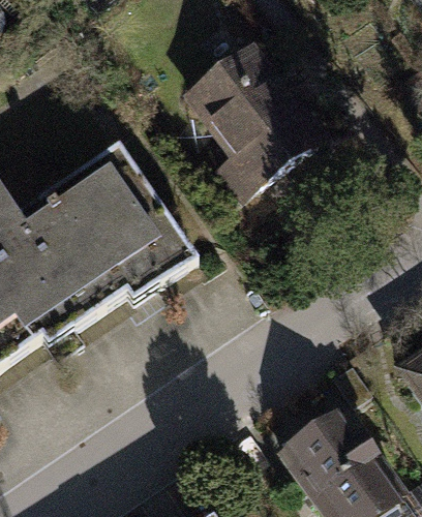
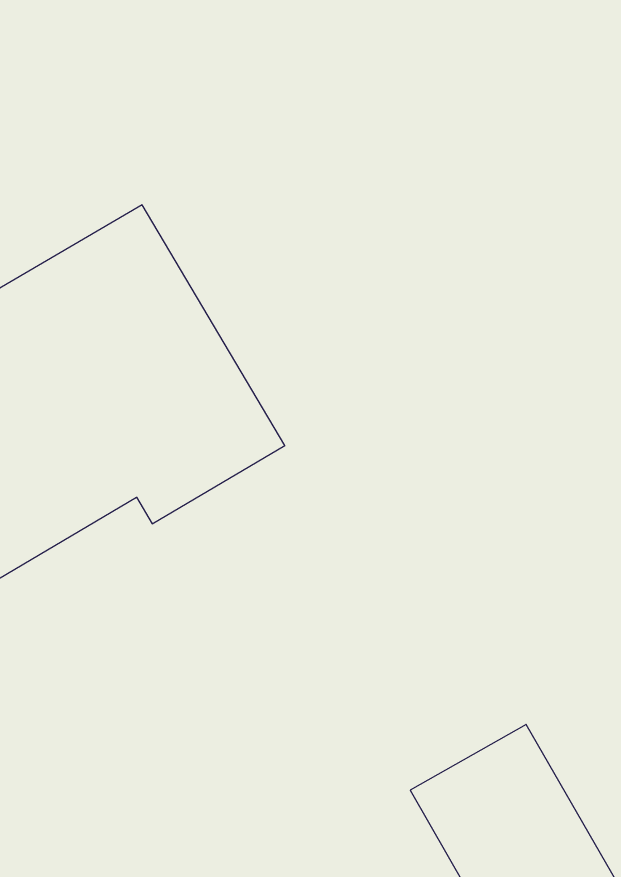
building: [174,53,315,202] -> none

